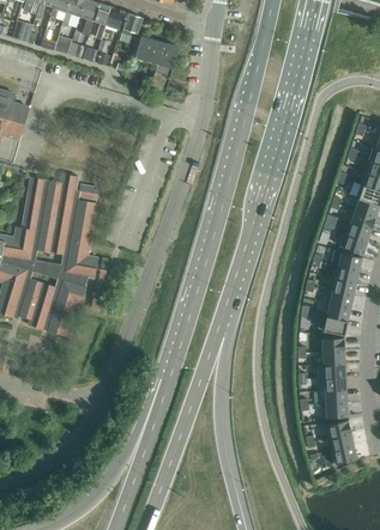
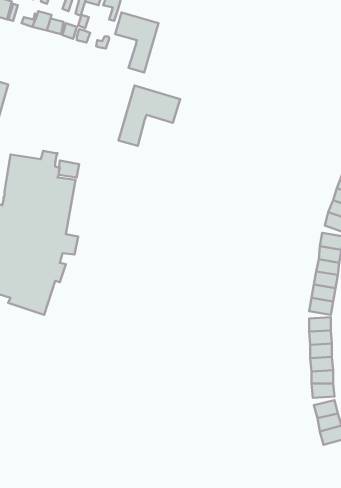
building: none -> [118,86,180,146]

